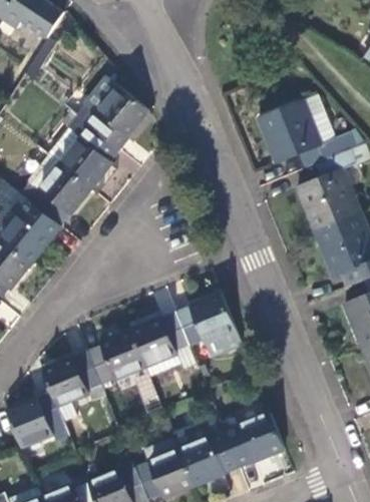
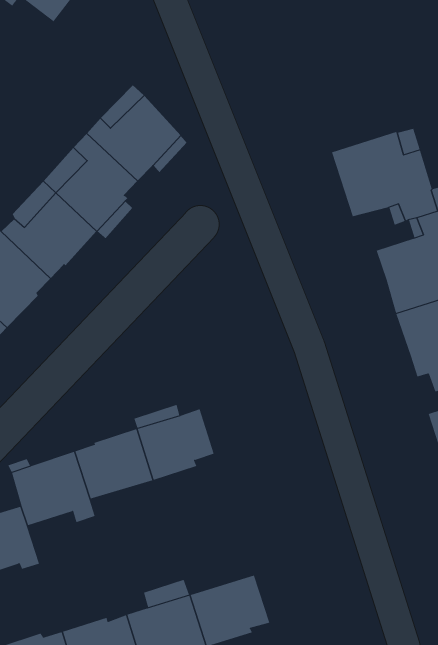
building: [176,294,242,357] -> none
building: [222,412,285,464] -> none

